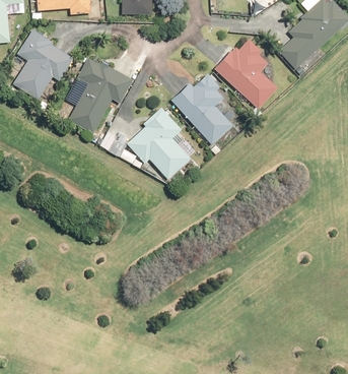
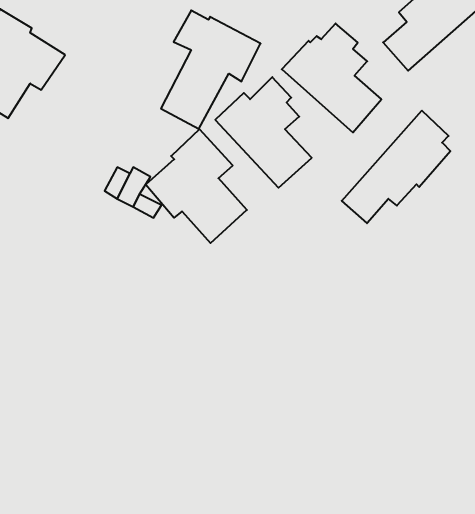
building: [68,58,132,134] -> [161,10,261,129]
building: none -> [342,111,450,223]

